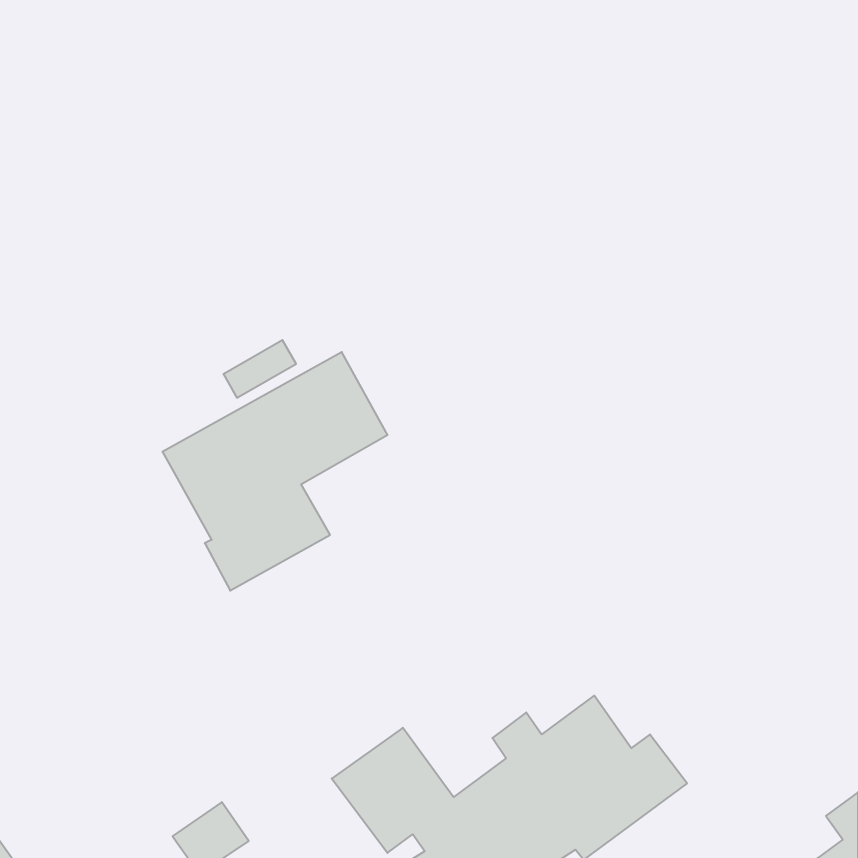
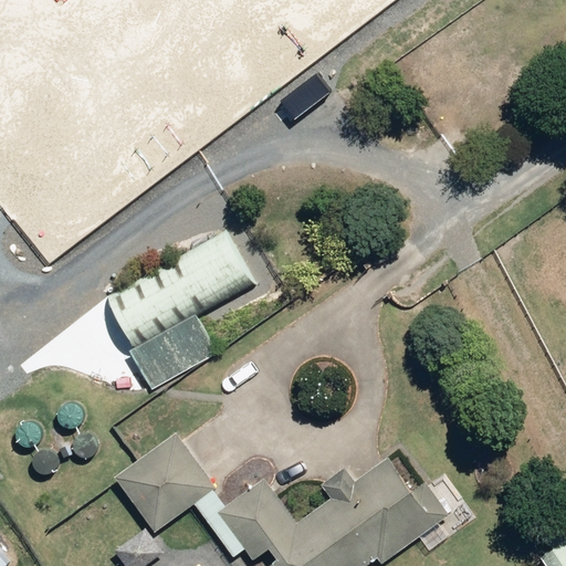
building: none -> [114,433,216,534]

